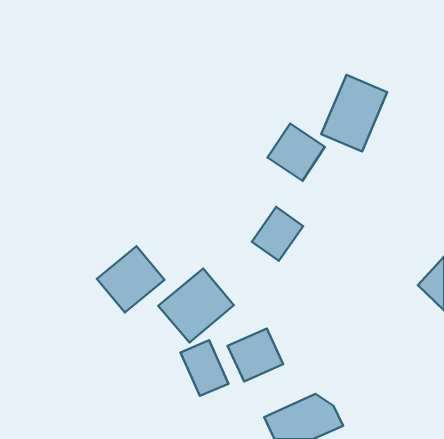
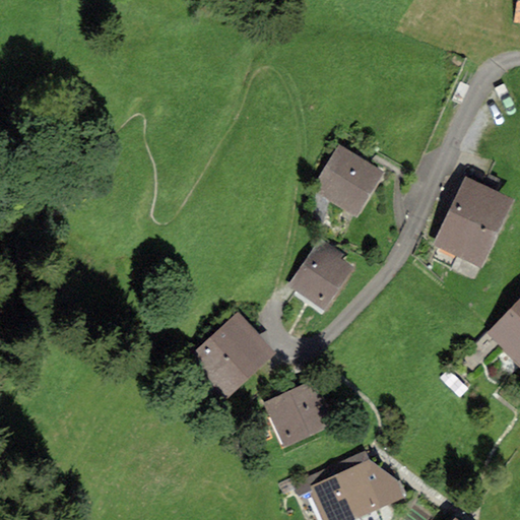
building: [321,75,387,151] -> [434,175,511,264]
building: [97,246,165,313] -> none
building: [180,340,229,396] -> none

